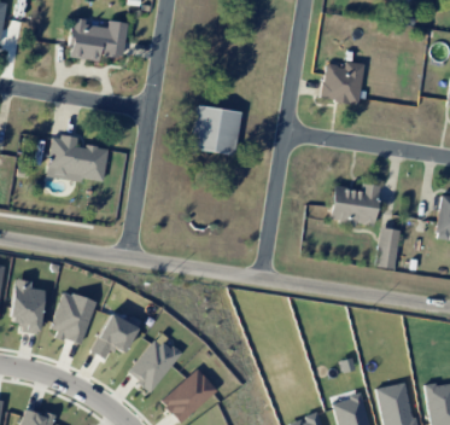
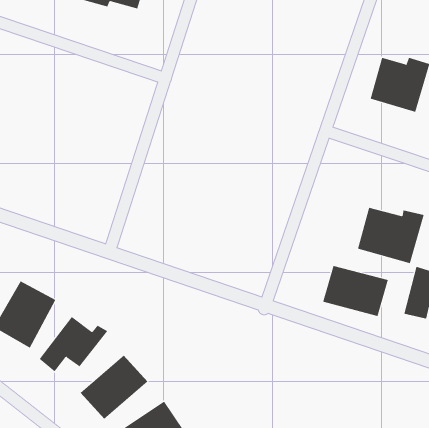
building: [192,106,239,153] -> none
building: [47,135,107,182] -> none
building: none -> [323,265,388,317]

